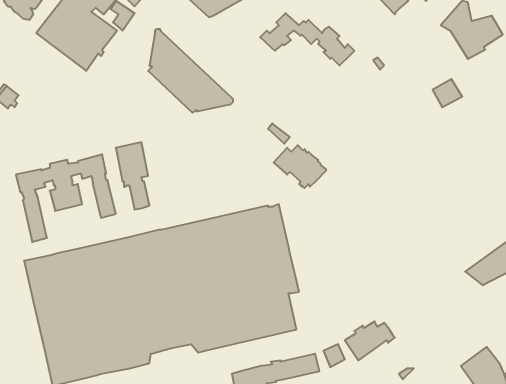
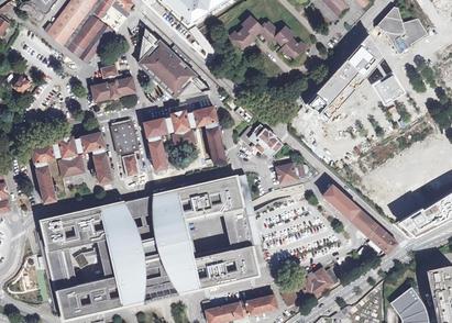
building: none -> [302,38,376,120]
building: none -> [90,65,135,101]
building: none -> [141,103,223,167]
building: none -> [276,162,308,183]
building: none -> [321,185,397,255]

